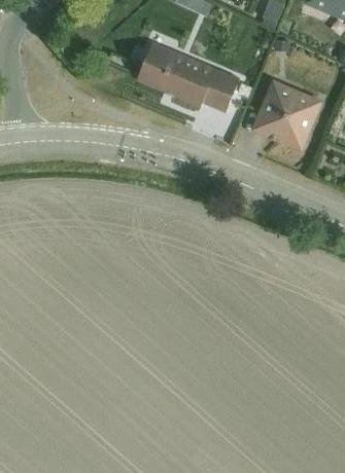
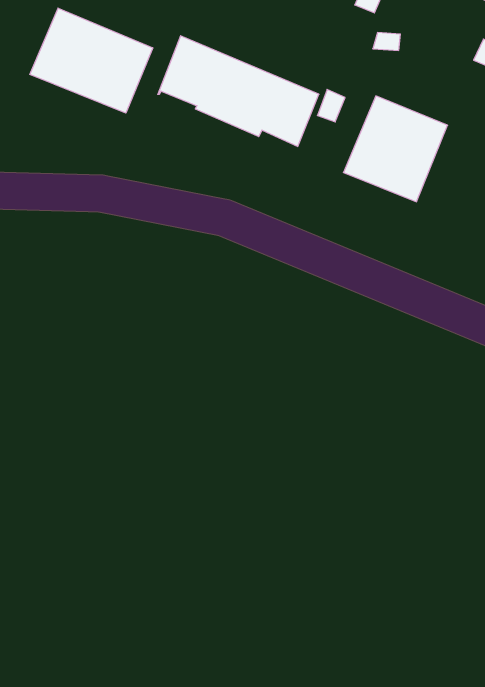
building: none -> [30,8,153,113]

